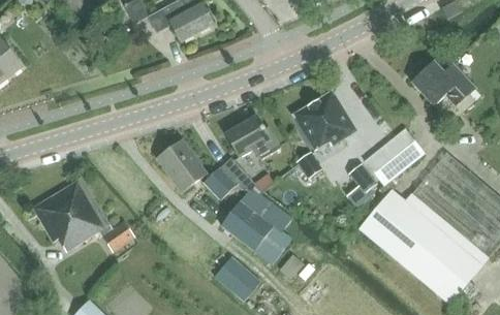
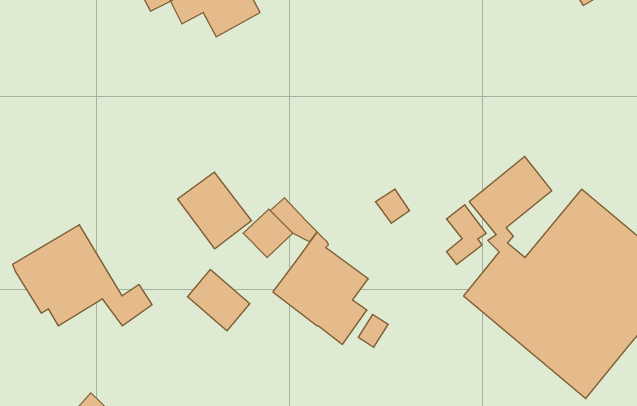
building: [412,62,477,113] -> none
building: [293,91,355,150] -> none
building: [225,116,281,159] -> none
building: [215,256,260,301] -> [187,269,250,331]

